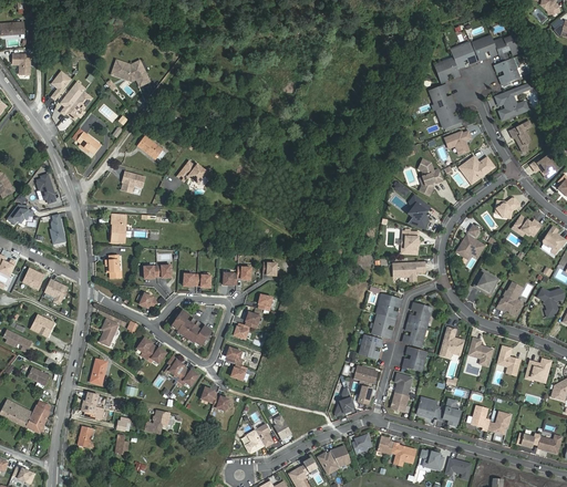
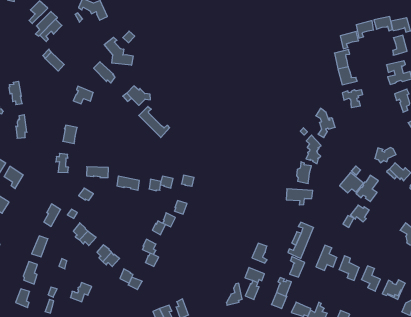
building: none -> [104,37,133,65]
building: [458,155,494,177] -> none
building: none -> [139,106,170,138]
building: [497,282,523,314] -> [356,175,378,202]
building: [373,294,396,336] -> none
building: [172,310,212,345] -> none

